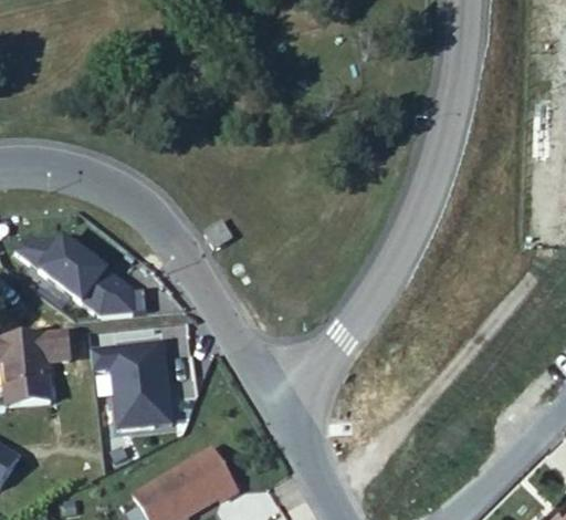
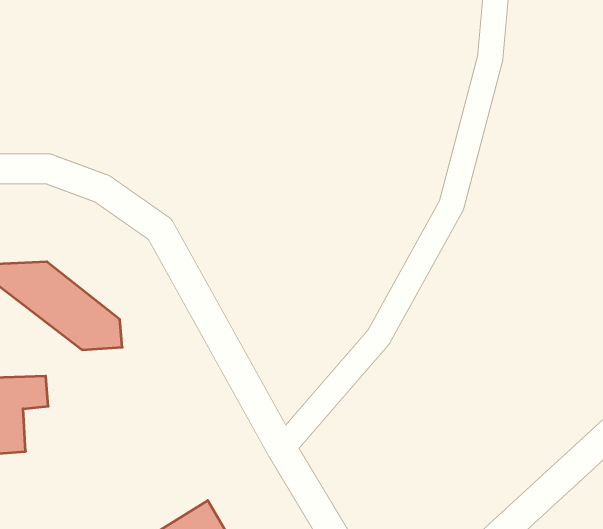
building: [92,343,170,426] -> none

